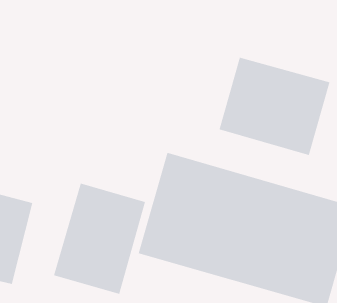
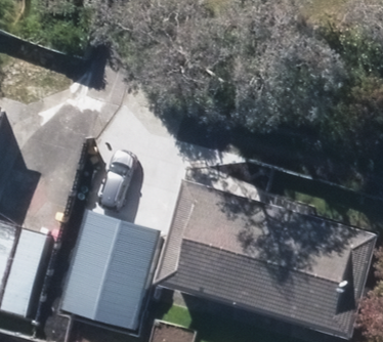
building: [219,57,330,156] -> none

